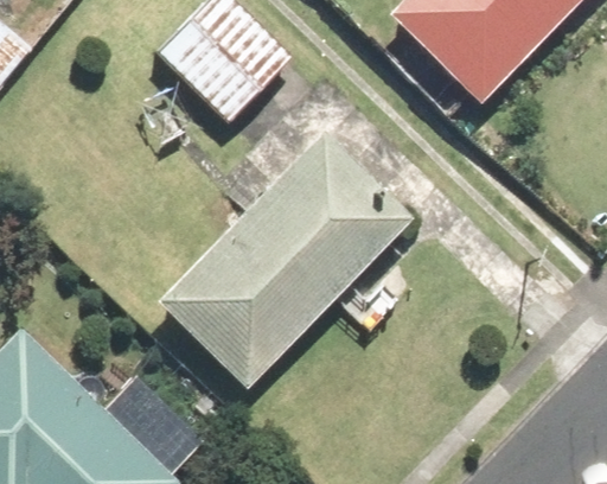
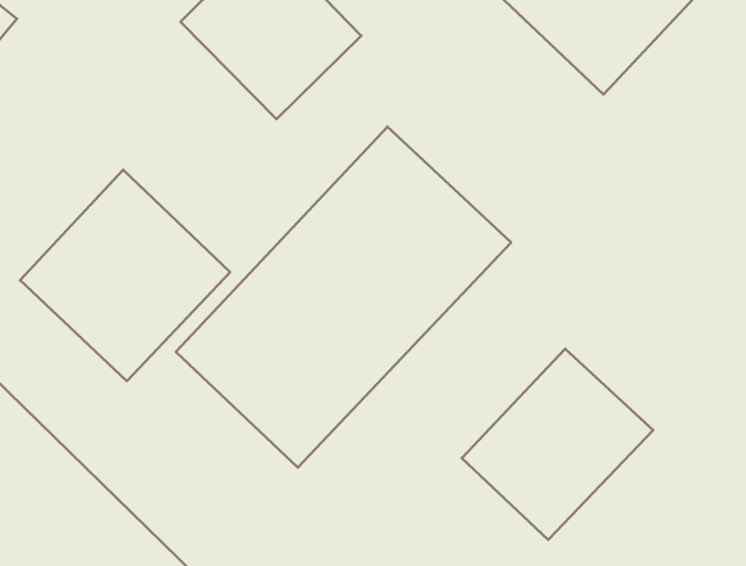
building: none -> [20,170,230,381]
building: none -> [462,349,653,540]

